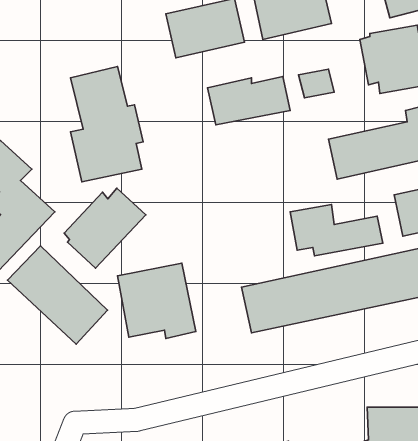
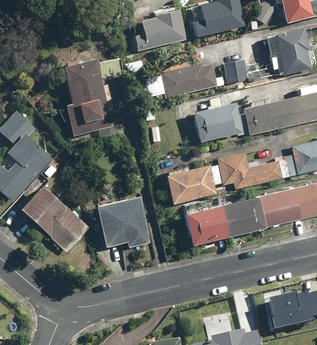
building: none -> [193,101,242,141]
building: [64,188,146,268] -> none
building: none -> [166,165,216,204]

